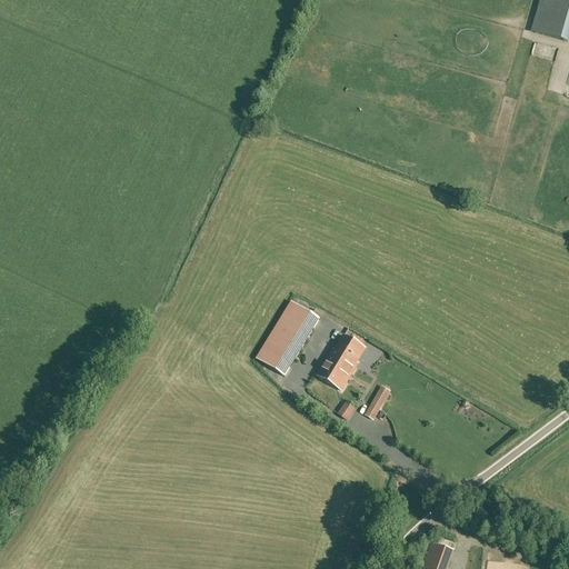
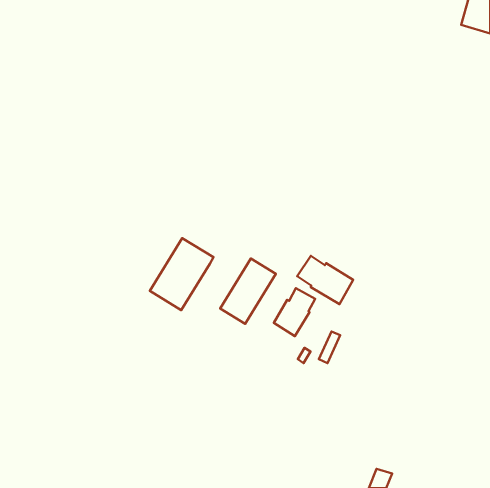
building: none -> [150,238,213,310]
building: none -> [297,256,353,304]

